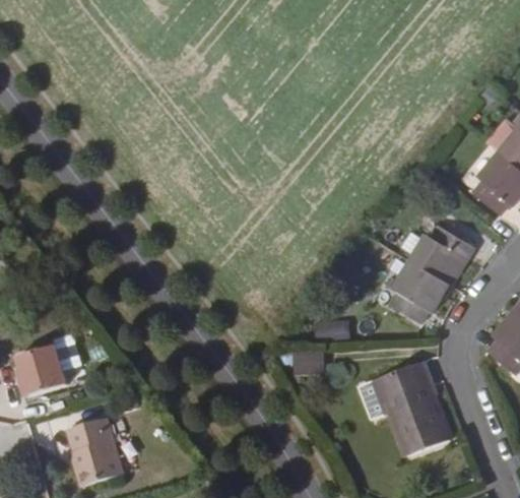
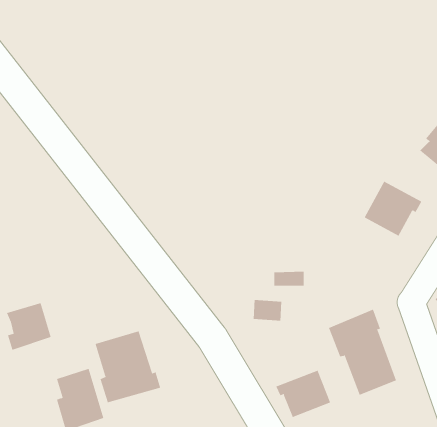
building: [393,261,449,322] -> none
building: none -> [95,331,161,403]
building: none -> [276,370,331,418]

